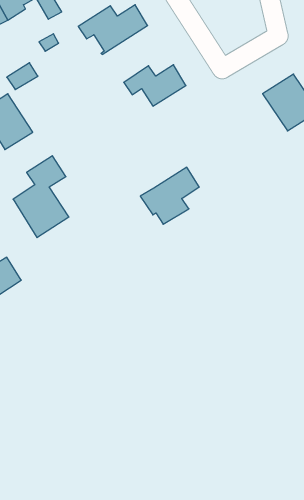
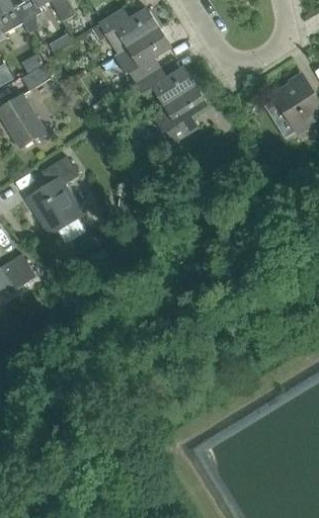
building: none -> [114,27,171,83]
building: [140,167,199,224] -> [151,86,209,142]

